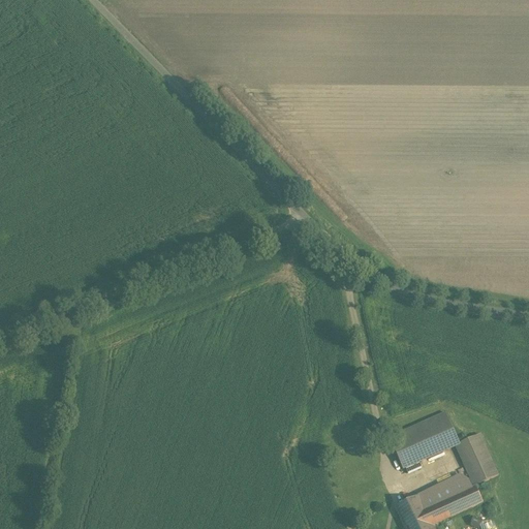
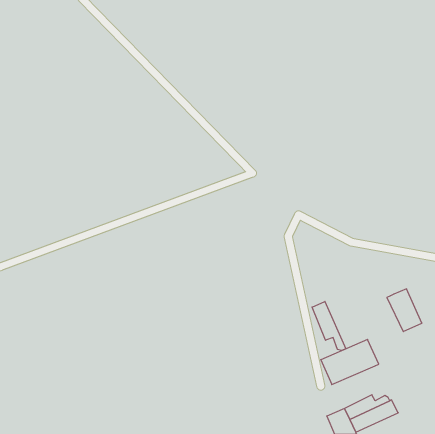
building: none -> [312,301,346,351]
building: [456,433,498,485] -> [387,289,422,332]

